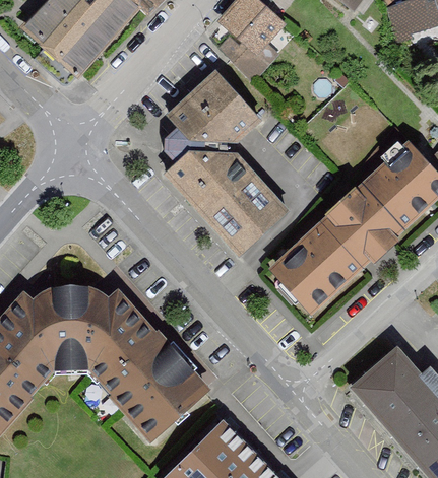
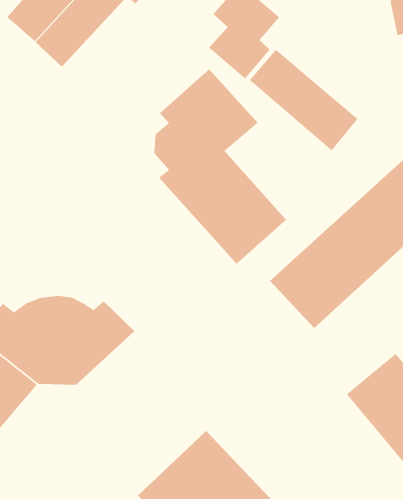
building: none -> [249,49,358,151]
building: [92,318,210,435] -> none

